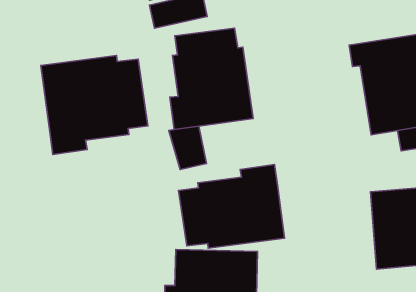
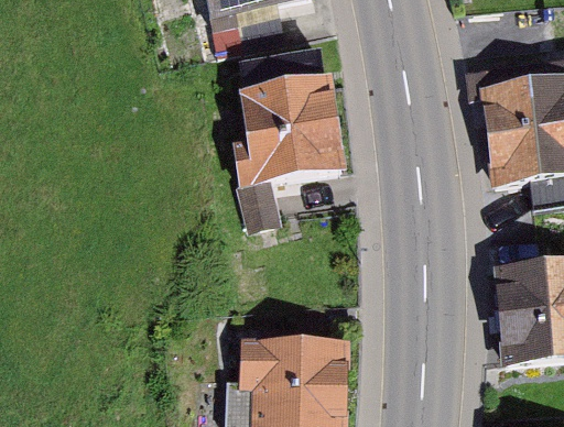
building: [41,56,148,154] -> none
building: [179,164,285,248] -> none

